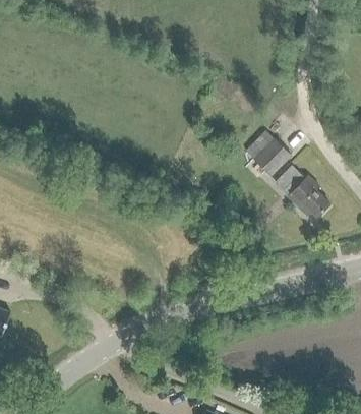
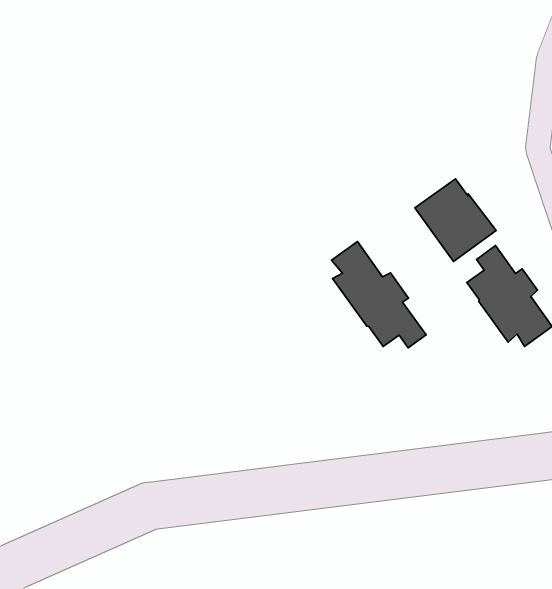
building: none -> [332,242,426,348]

